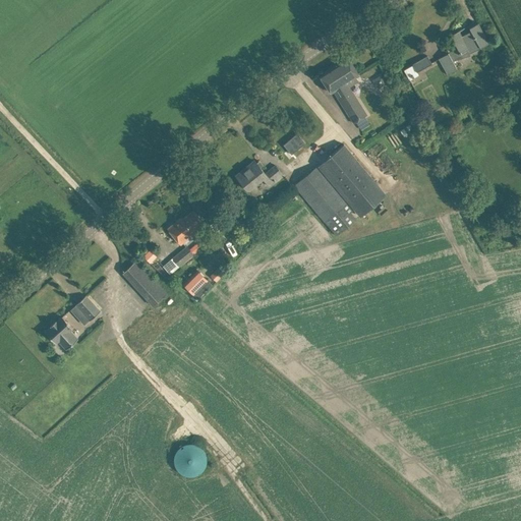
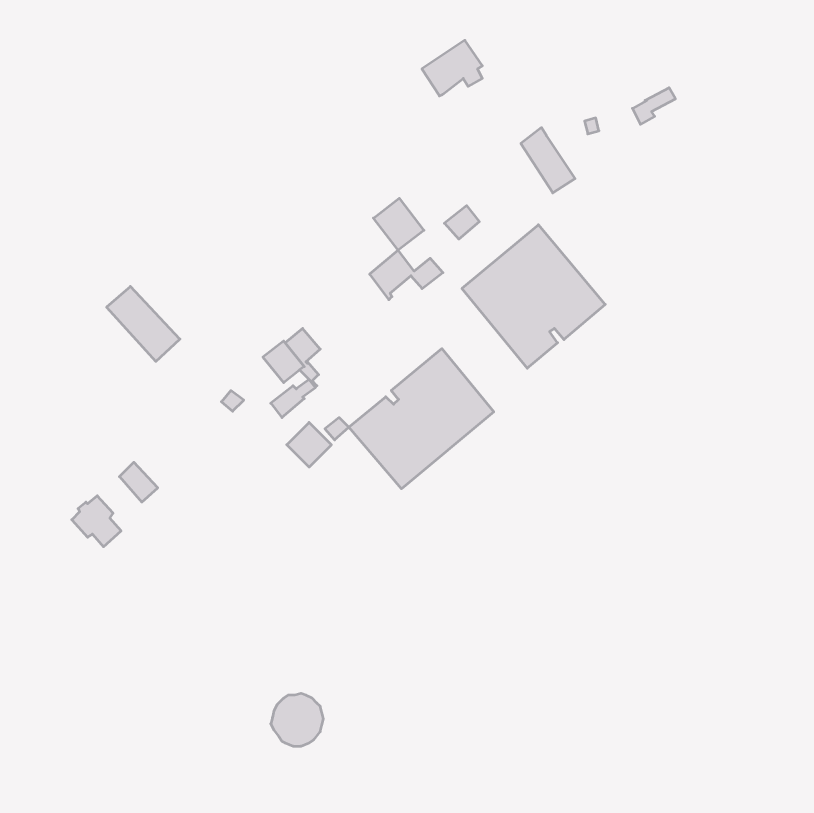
building: [439,23,487,75] -> none
building: [320,58,358,94] -> [422,40,482,96]
building: none -> [373,198,424,250]
building: none -> [349,349,494,489]
building: [119,259,166,307] -> [107,286,180,361]

